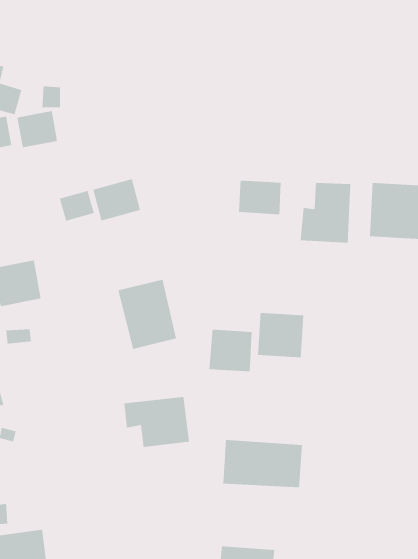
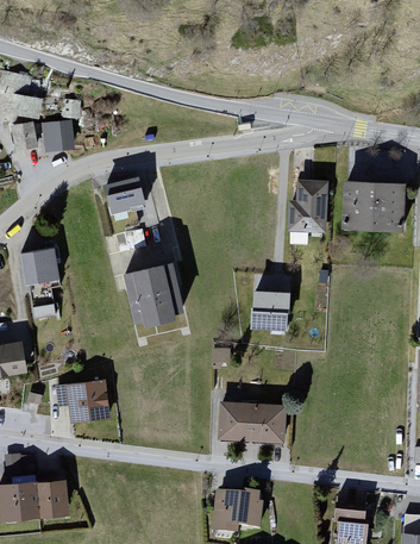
building: [239,180,281,215] -> none
building: [59,190,94,221] -> none
building: [209,329,252,372] -> none
building: [123,396,190,448] -> [52,379,109,423]

